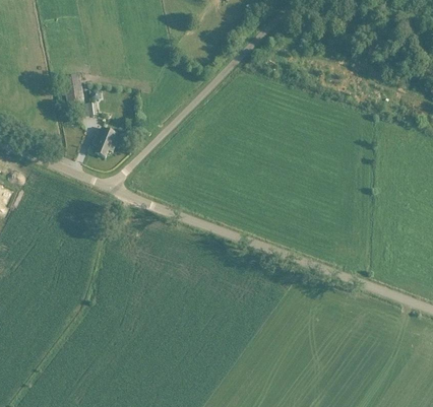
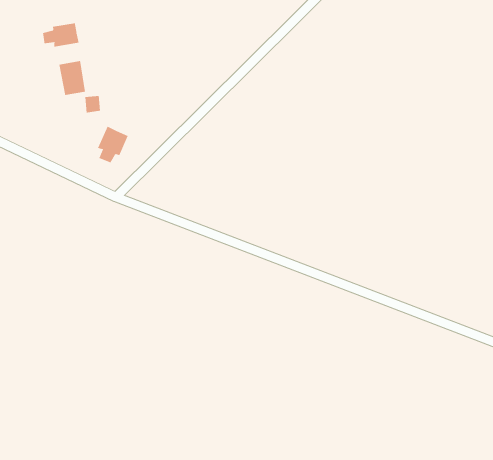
building: none -> [43,23,79,47]

